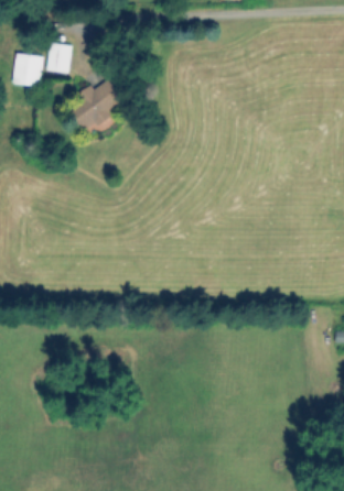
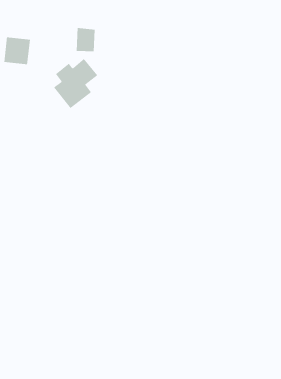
building: [47,43,71,72] -> [76,28,96,52]

